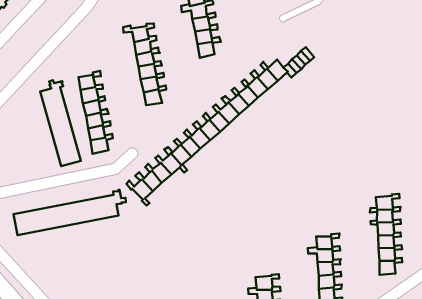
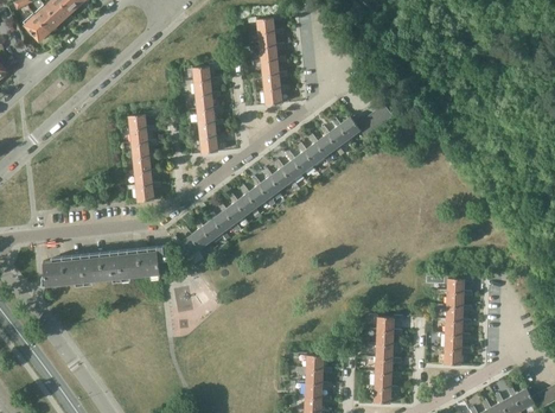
building: [40,80,81,166] -> none

